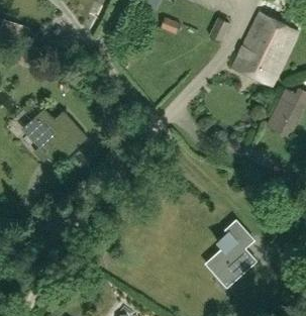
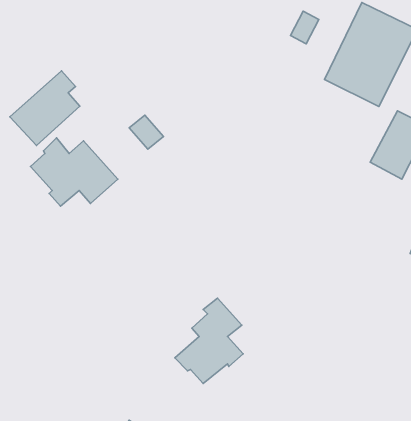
building: none -> [10,71,80,146]
building: [206,222,254,283] -> [175,298,243,384]

